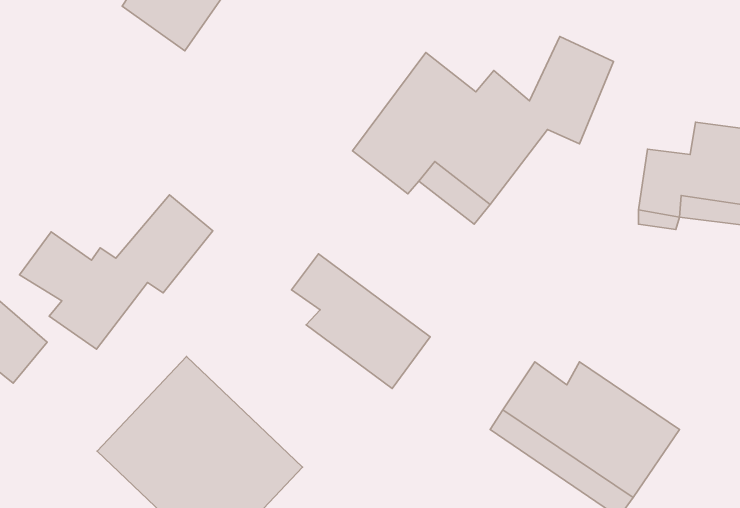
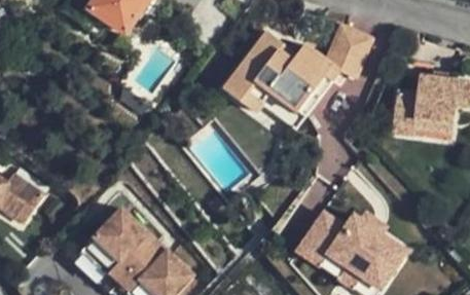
building: [20,195,213,349] -> none
building: [292,254,430,389] -> none

